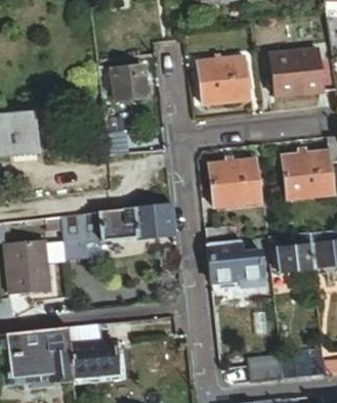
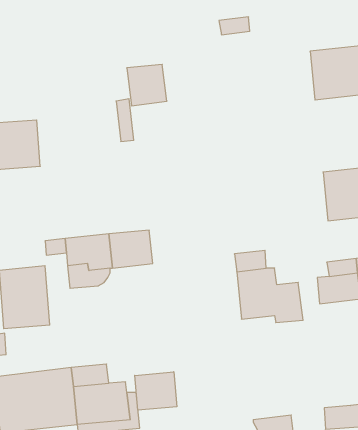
building: [198,55,249,102] -> none
building: [209,160,260,207] -> none
building: [132,203,174,236] -> none
building: none -> [135,372,177,410]

